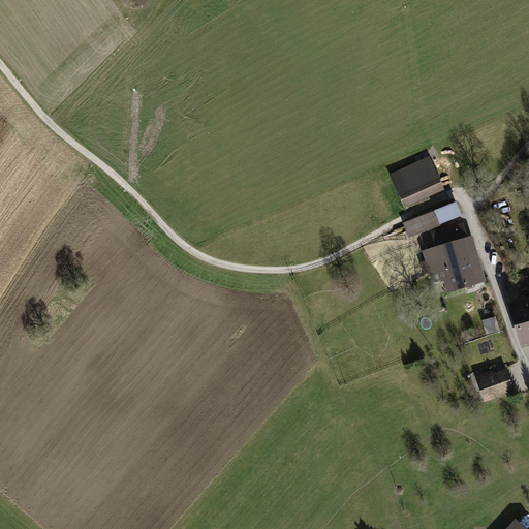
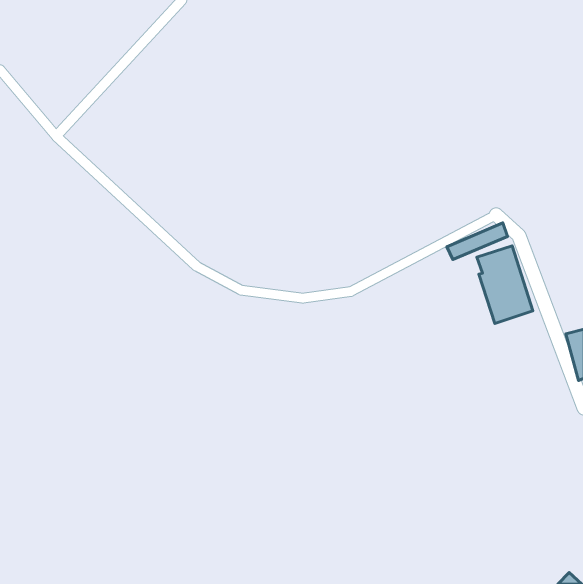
building: [392,159,442,205] -> none
building: [480,370,512,399] -> none

